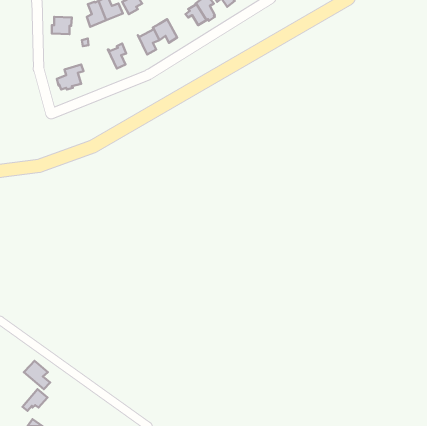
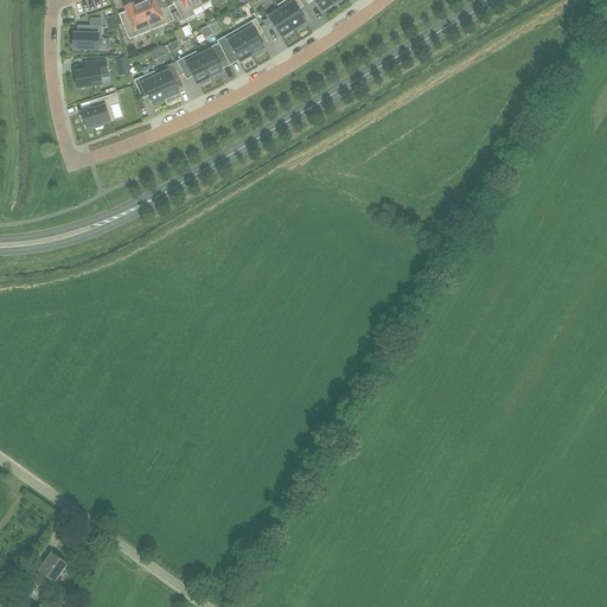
building: none -> [237,18,264,55]
building: none -> [177,50,209,84]
building: none -> [74,62,107,89]
building: none -> [134,70,166,104]
building: [24,361,50,389] -> none

